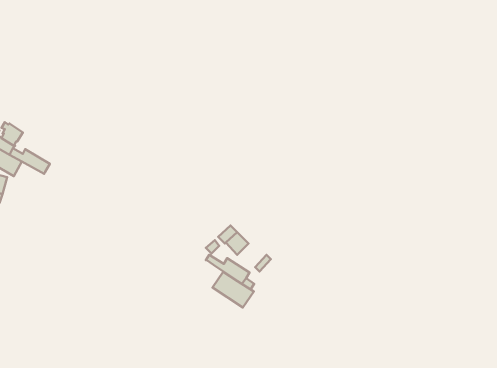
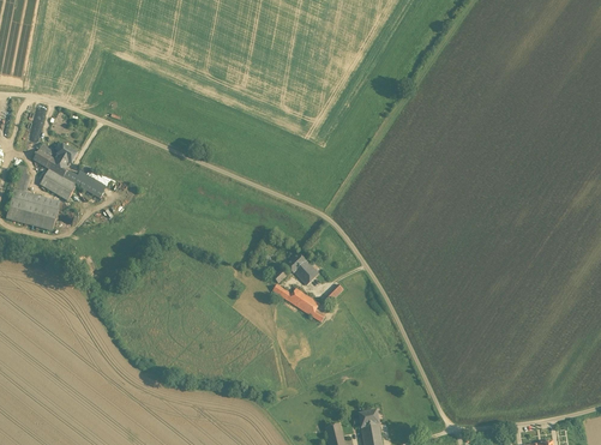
building: [212,272,254,307] -> none

